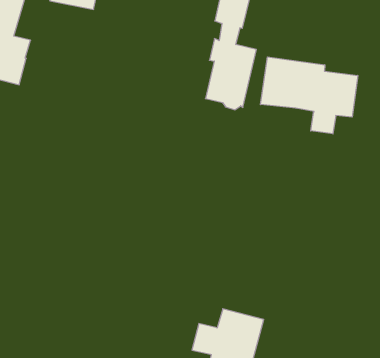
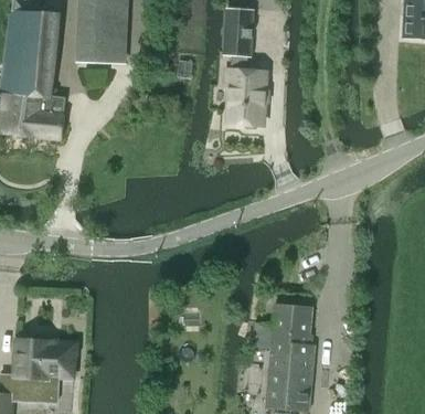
building: [260,57,358,134] -> none

